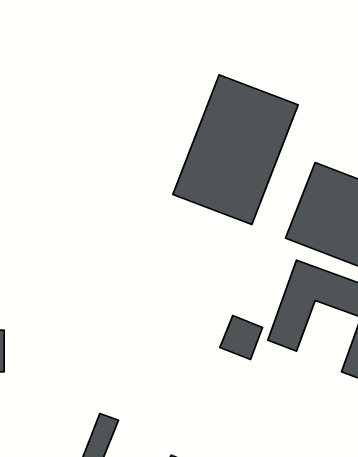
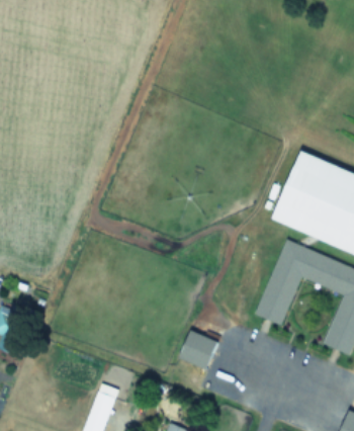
building: [173,75,298,225] -> none
building: [220,316,263,359] -> [179,330,218,370]

